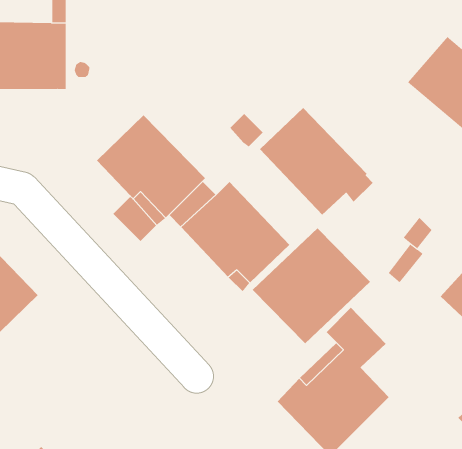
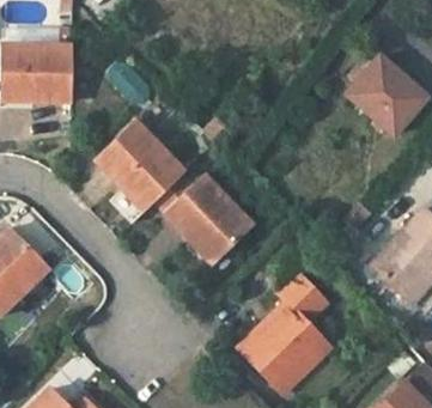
building: [259,107,373,216] -> none
building: [252,227,371,344] -> none

